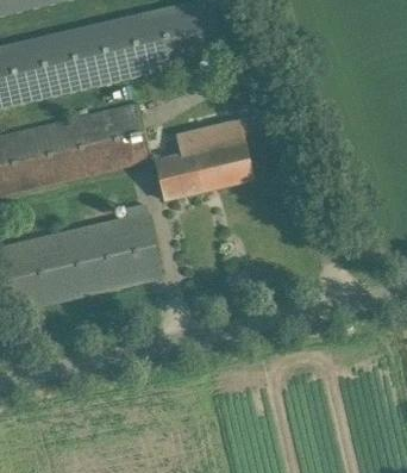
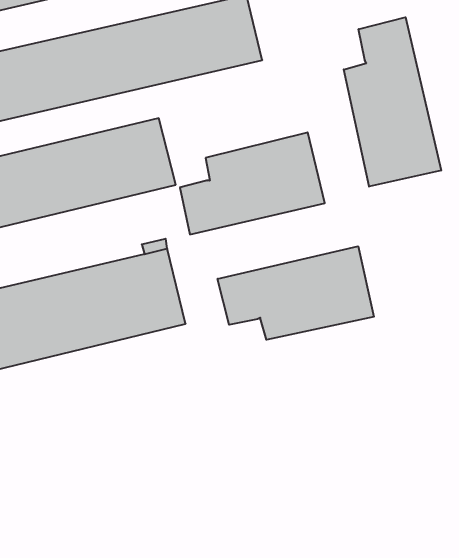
building: none -> [344,17,441,187]
building: none -> [218,246,374,340]

